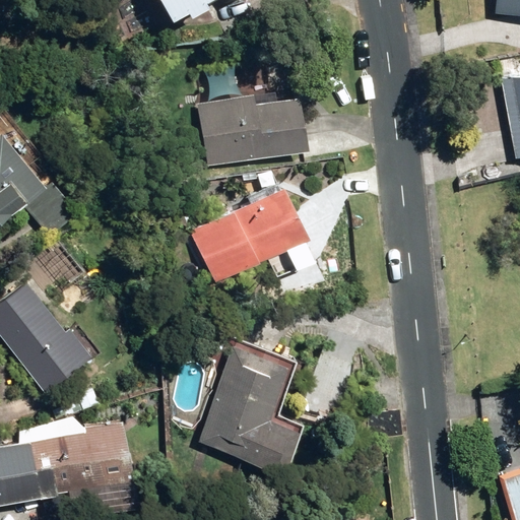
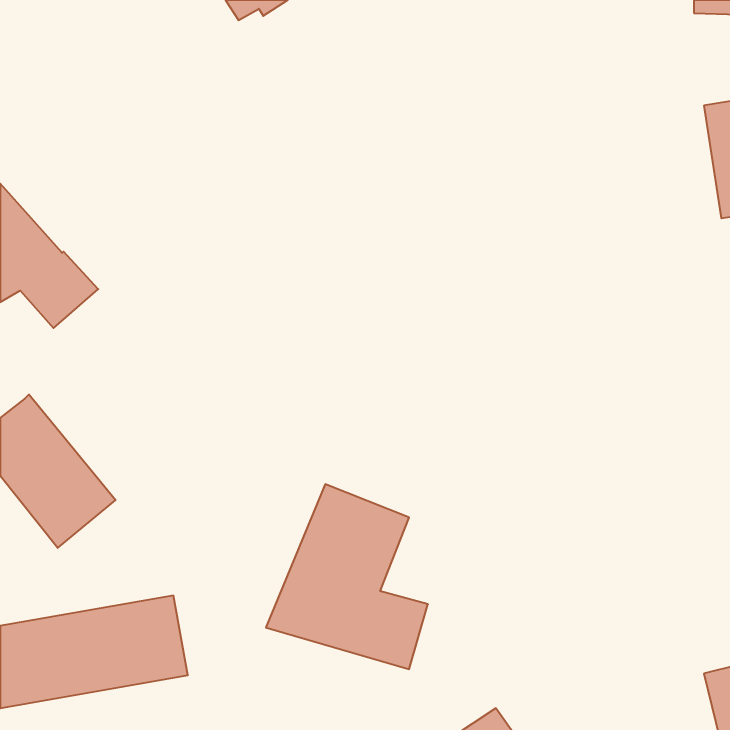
building: [190,90,308,165] -> none
building: [176,184,306,286] -> none

